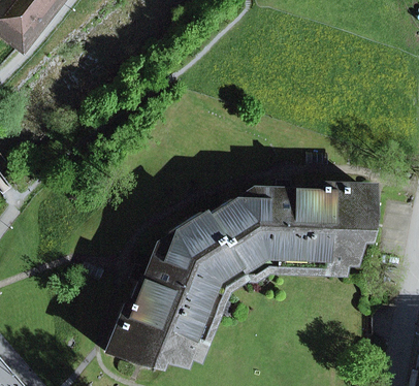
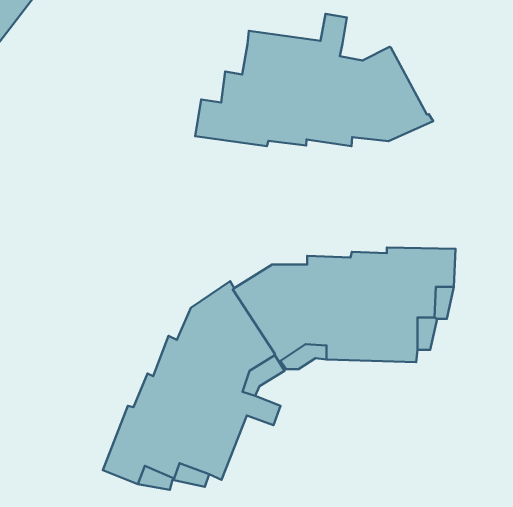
building: none -> [195,14,433,146]

